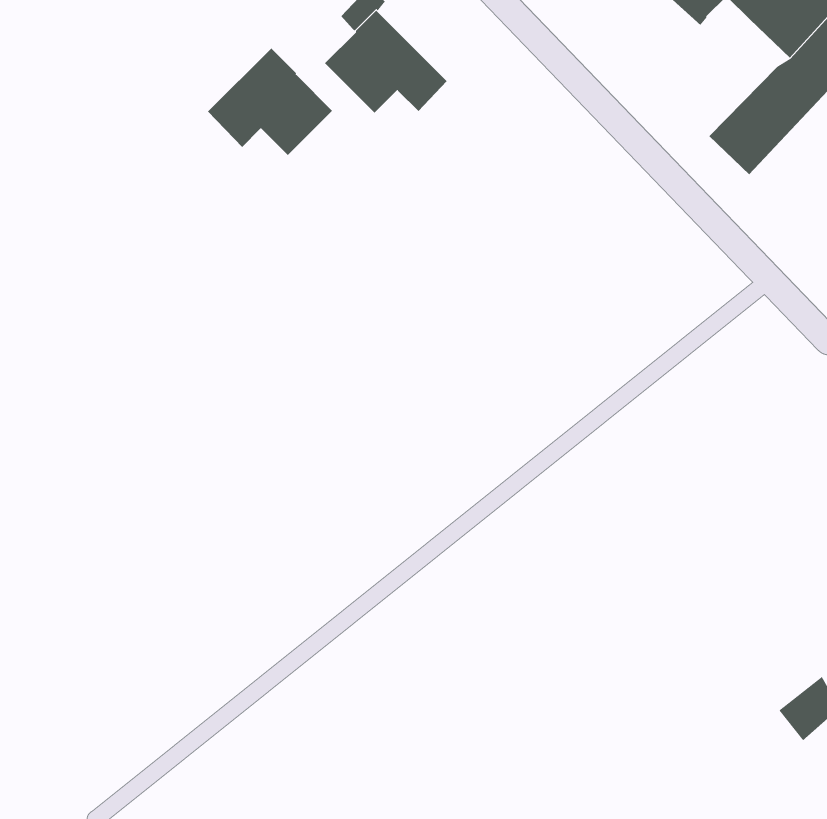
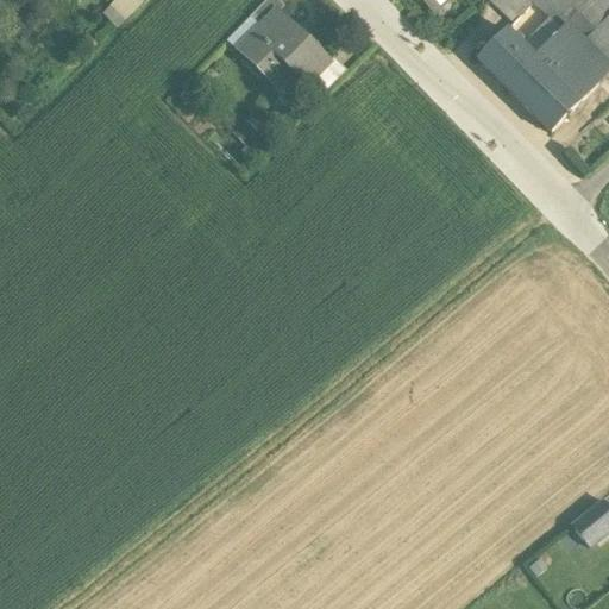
building: none -> [477,14,580,100]
building: [207,48,333,156] -> none

